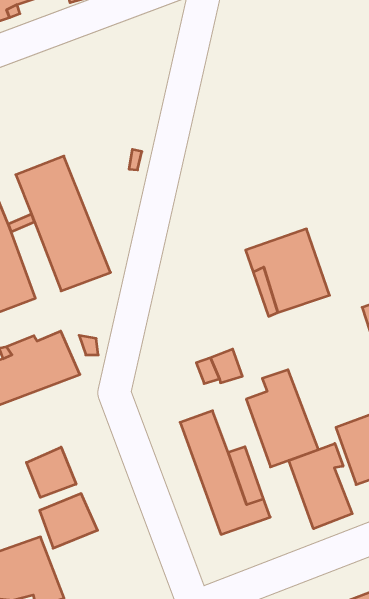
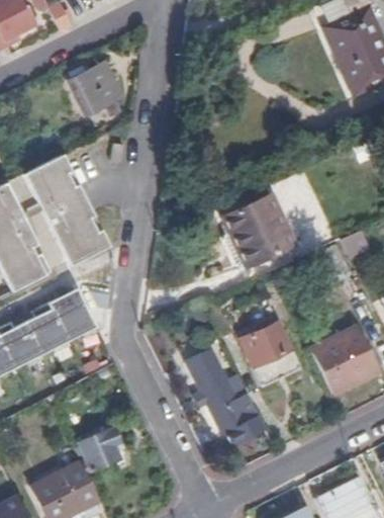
building: none -> [67,63,122,115]
building: [289,443,352,529] -> none
building: [26,447,76,497] -> none

